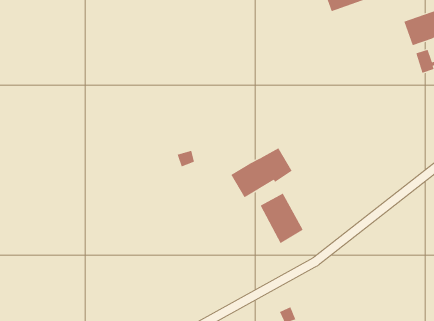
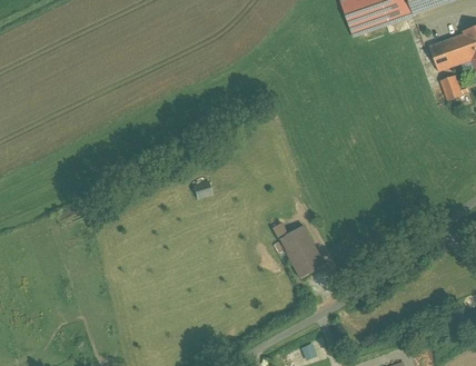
building: [230,147,292,198] -> none

